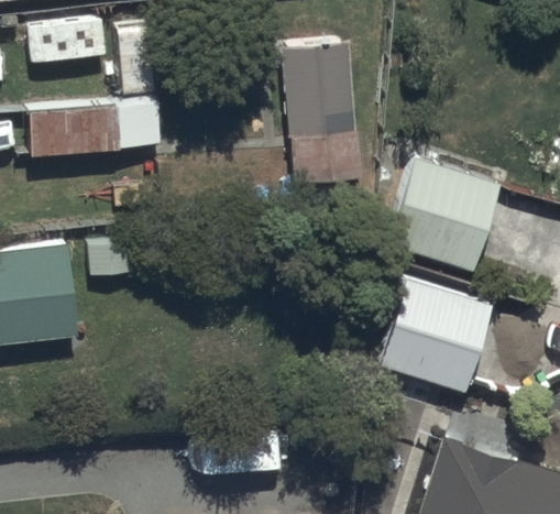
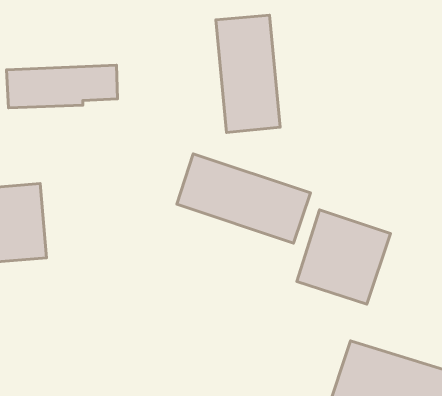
building: [388,157,497,270] -> none
building: none -> [177,154,310,243]

